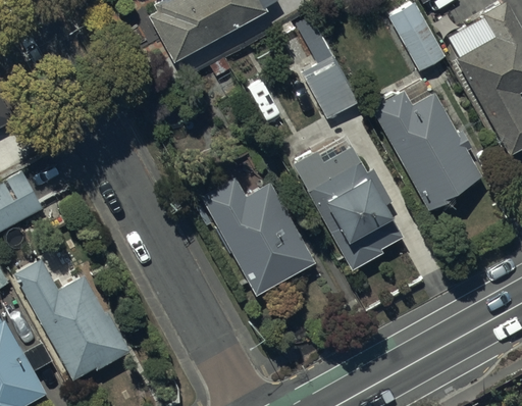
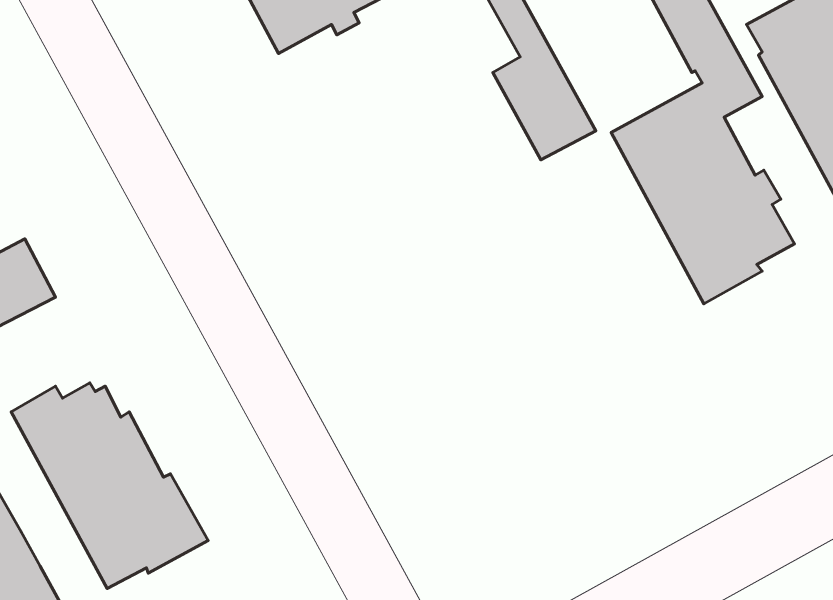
building: [294,148,404,272] -> none
building: [199,179,315,298] -> none

